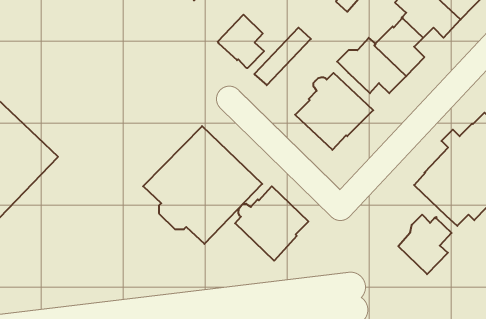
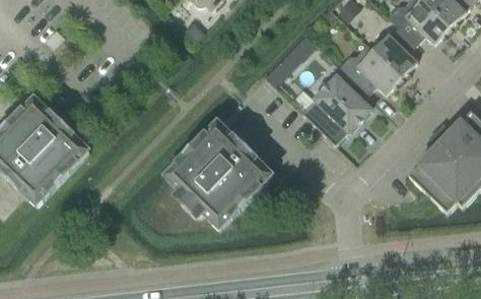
building: [218,15,264,68] -> none
building: [235,186,308,261] -> none
building: [398,215,452,274] -> none

